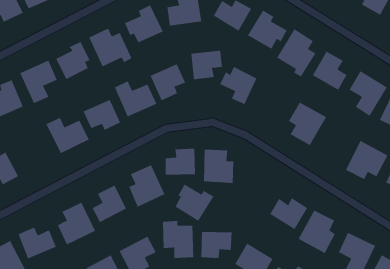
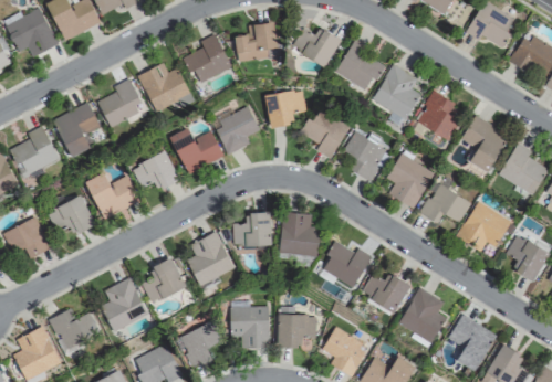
building: none -> [343,131,390,182]
building: none -> [421,183,471,223]
building: none -> [49,195,95,240]
building: [174,184,215,222] -> [323,240,373,287]

